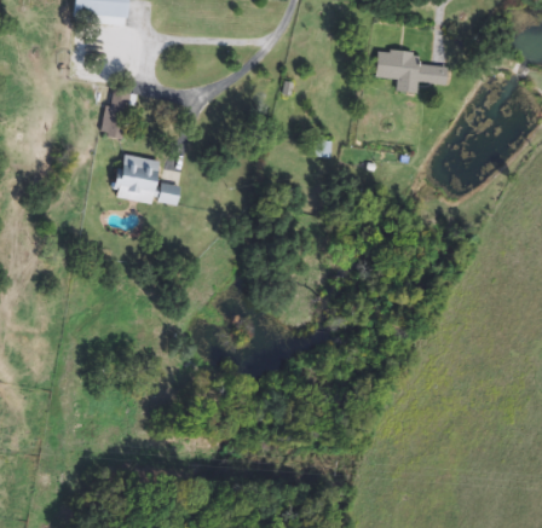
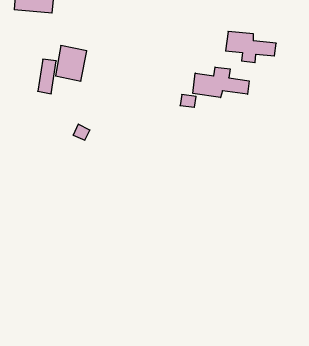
building: none -> [193,67,249,98]
building: [115,152,160,203] -> [56,46,87,81]

